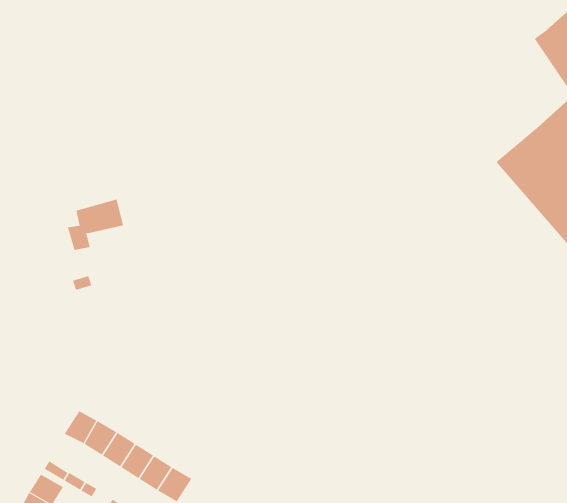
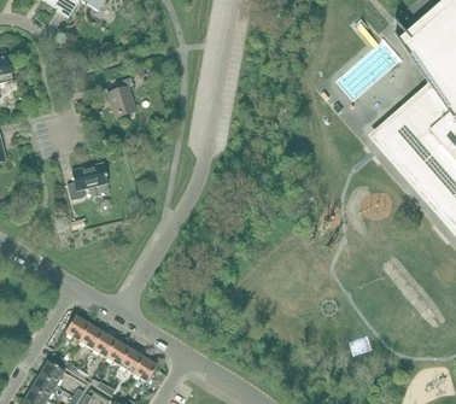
building: none -> [107,76,135,117]

